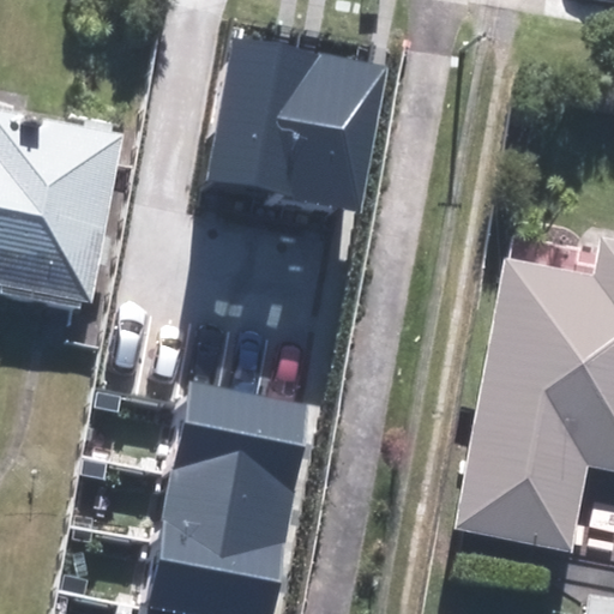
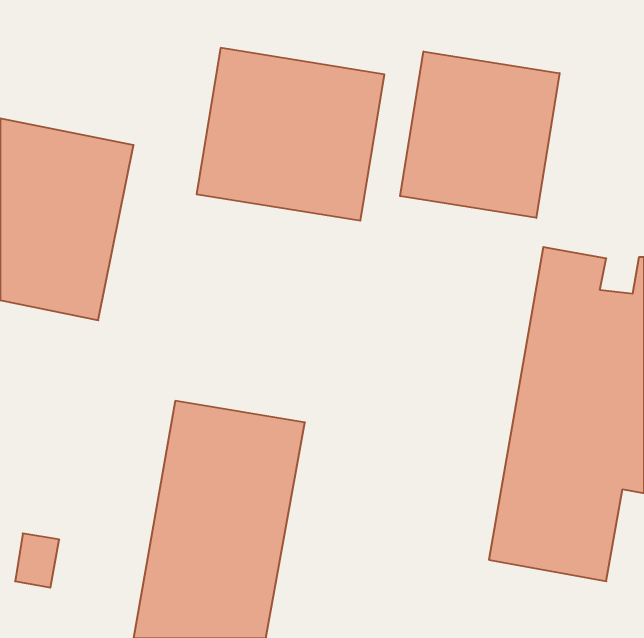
building: none -> [400,51,560,218]

